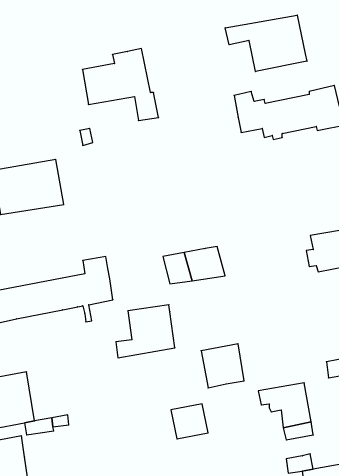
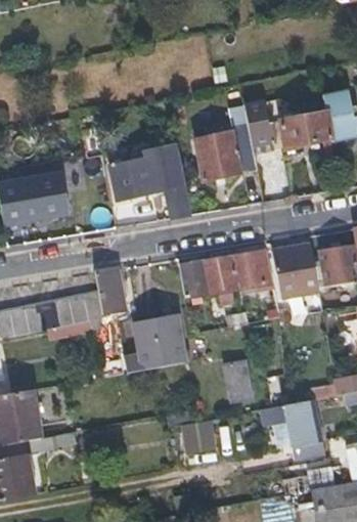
building: [225,15,307,72] -> none
building: [82,49,159,121] -> [111,146,189,220]
building: none -> [195,128,256,183]
building: none -> [277,246,322,298]
building: none -> [226,253,272,290]

